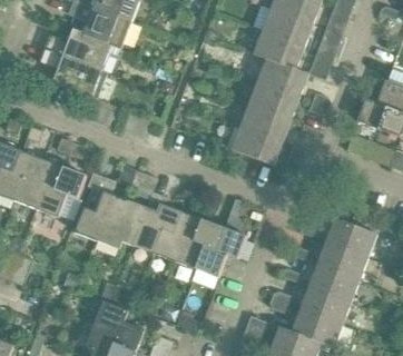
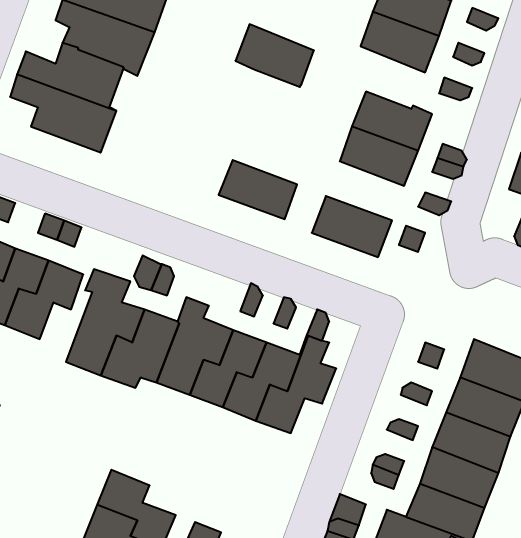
building: [254,30,304,70] -> [235,24,314,87]
building: [240,103,291,141] -> [219,160,297,219]

